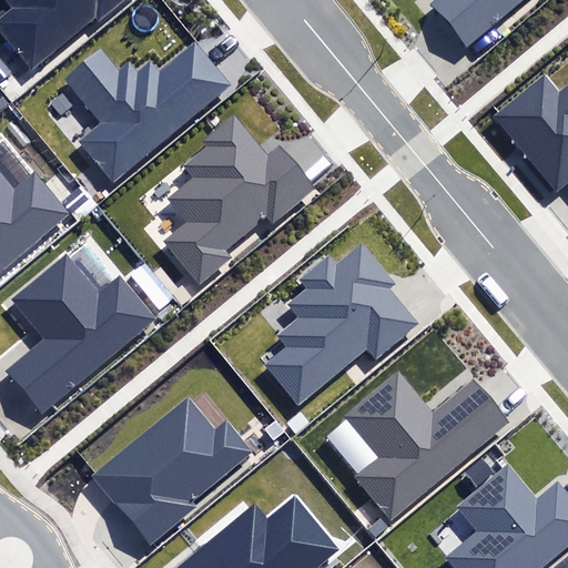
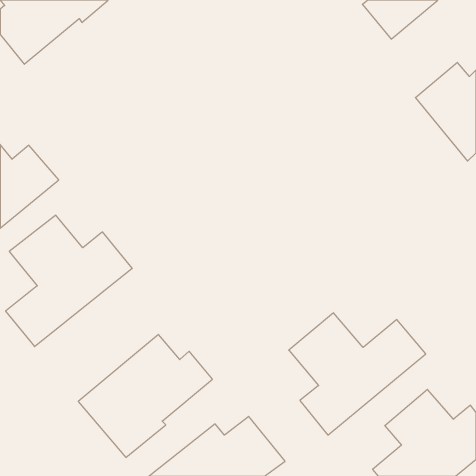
building: [65,40,233,183] -> none
building: [163,116,313,286] -> none
building: [262,244,418,404] -> none

